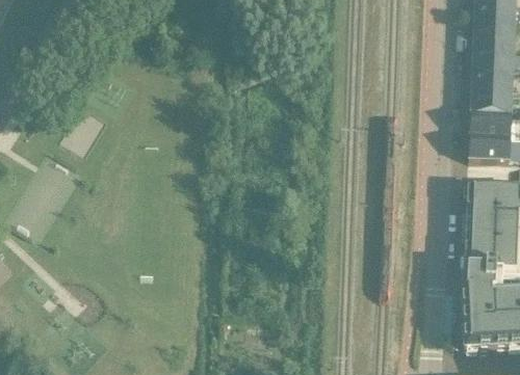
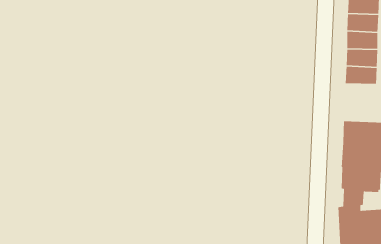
building: [470,133,512,158] -> none

